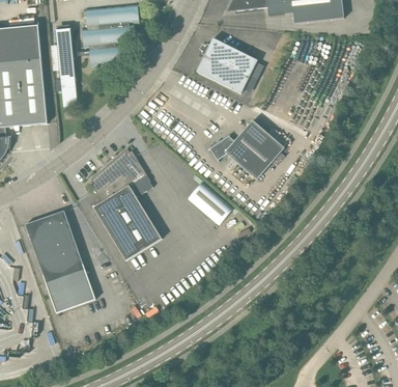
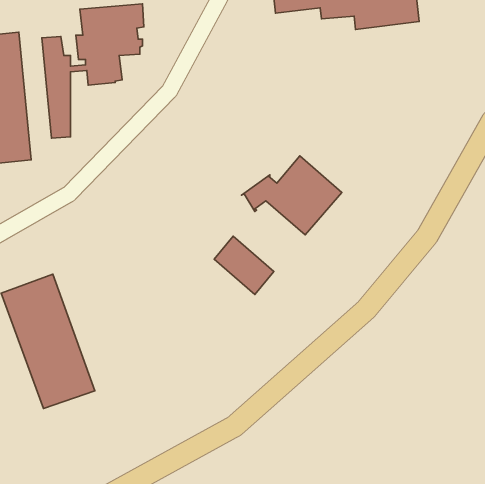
building: [197,37,258,92] -> none
building: [90,147,162,260] -> none

